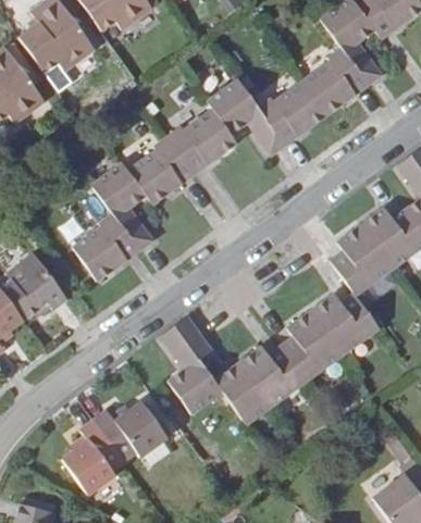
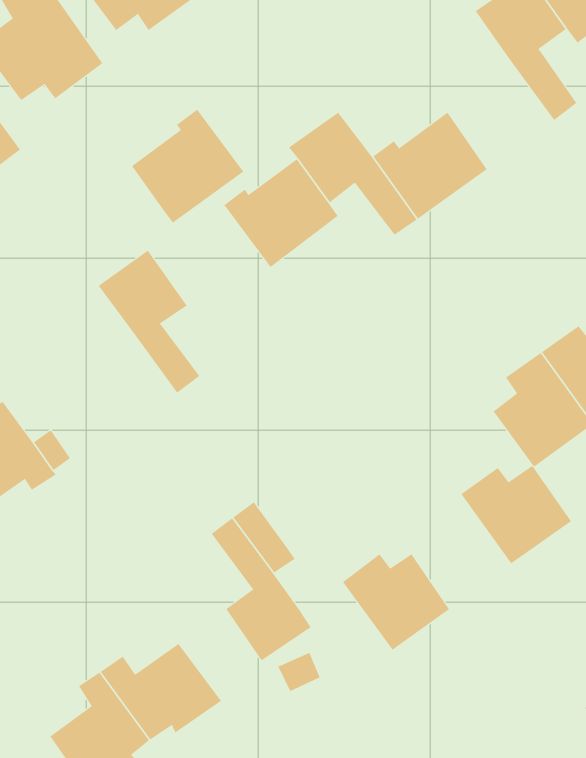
building: [304,48,368,114] -> none
building: [127,136,196,206] -> [131,109,244,224]
building: [73,214,139,281] -> none
building: [282,311,342,381] -> none
building: [214,364,270,424] -> none

